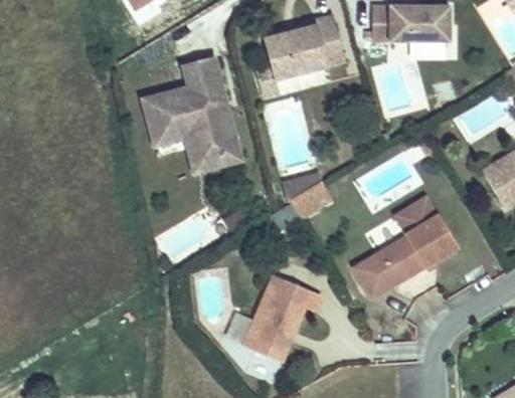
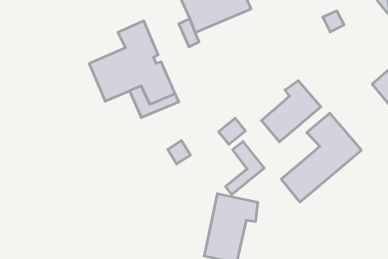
building: none -> [261,81,321,142]
building: none -> [226,141,264,195]

